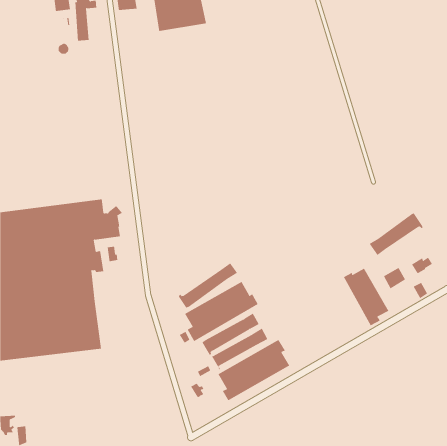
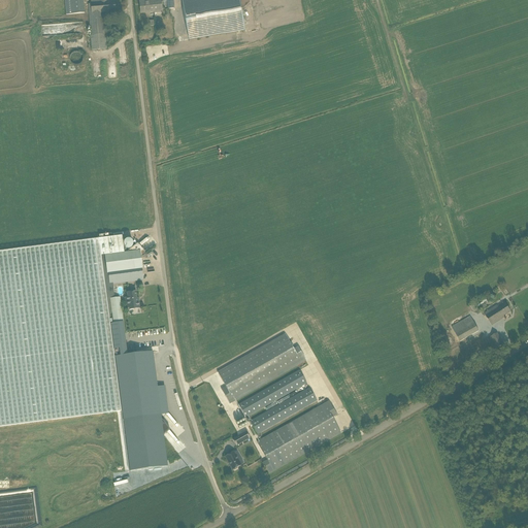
building: [369,212,424,256] -> none
building: [178,263,238,308] -> none
building: [343,268,389,326] -> none
building: none -> [108,319,169,469]

